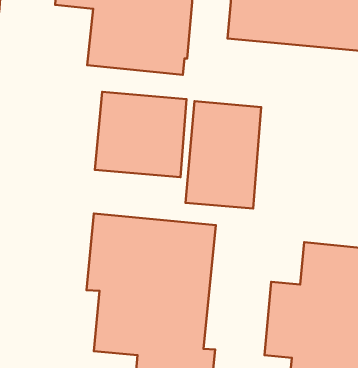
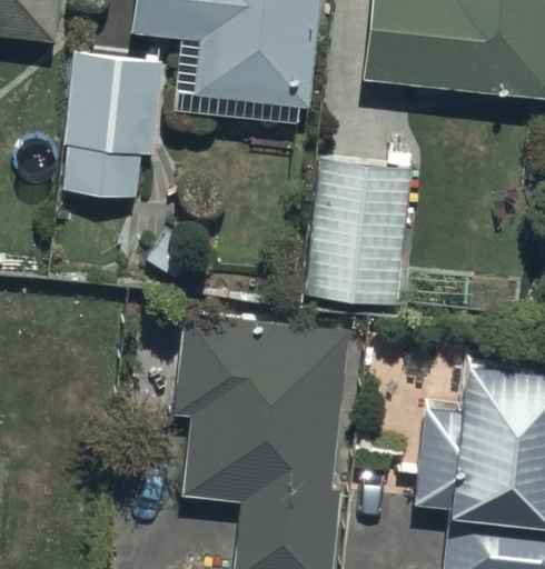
building: none -> [62,50,162,198]
building: [95,92,186,177] -> none

